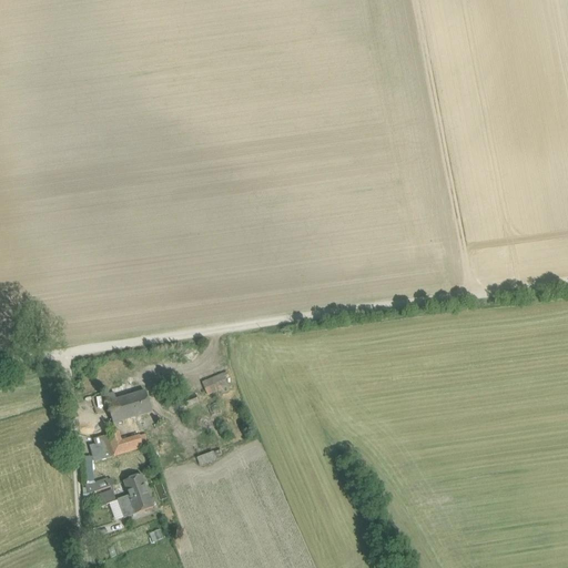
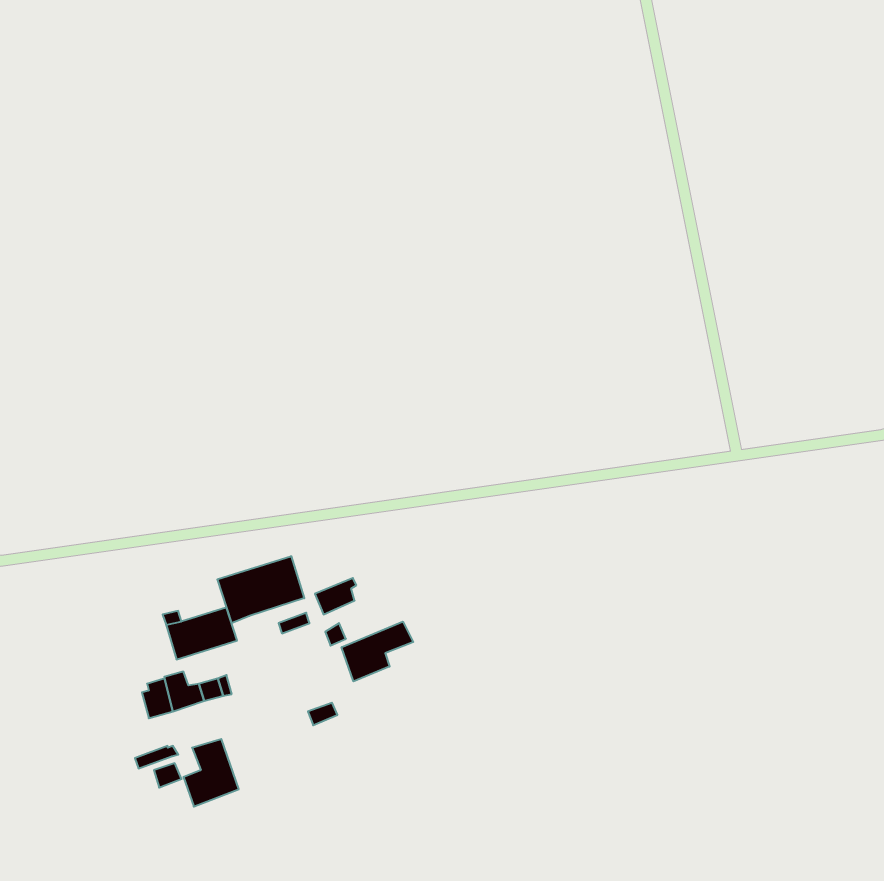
building: none -> [217,556,304,623]
building: none -> [342,622,413,681]

